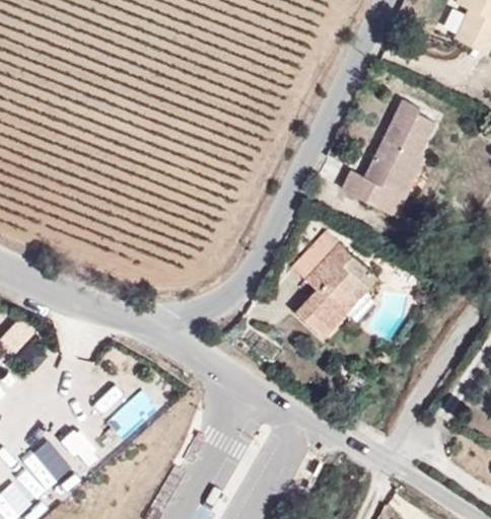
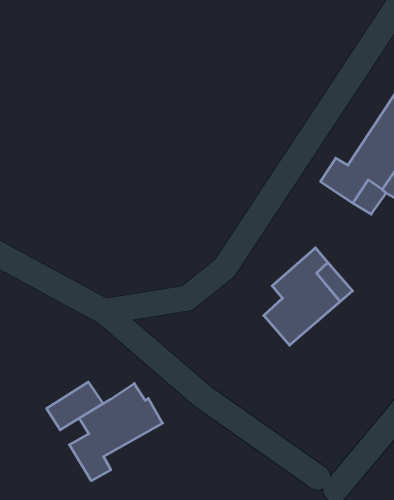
building: [288,234,340,288] -> none
building: none -> [69,383,163,481]

